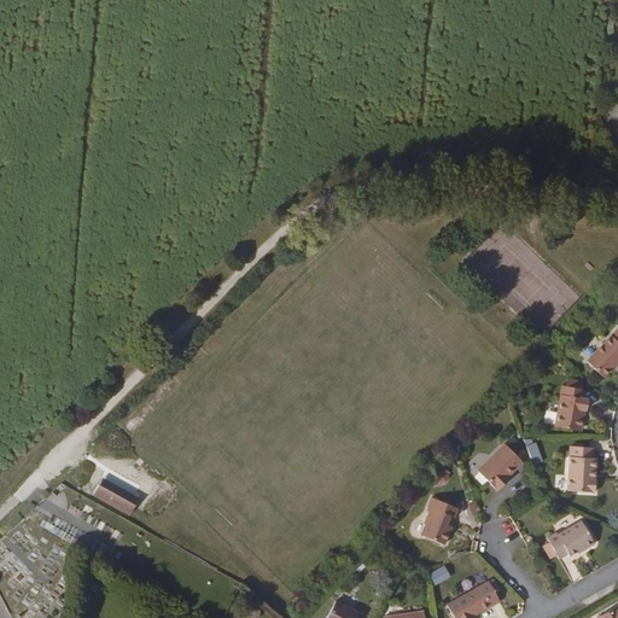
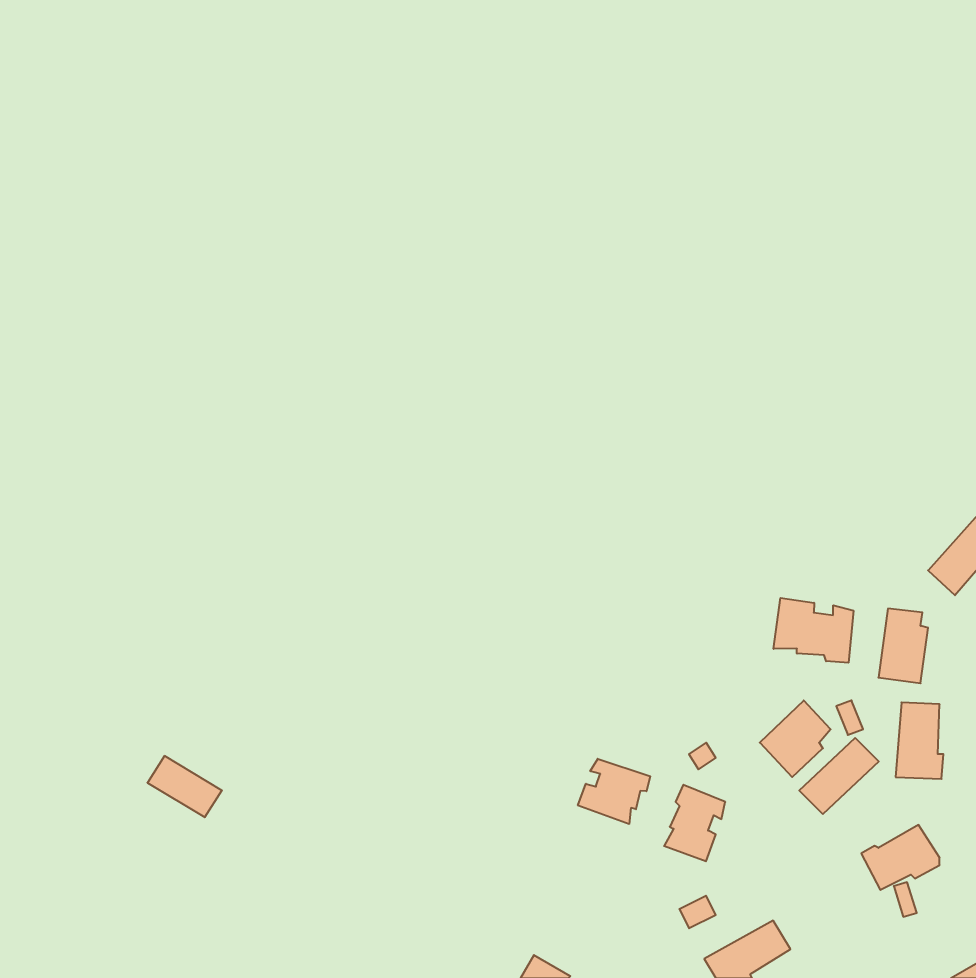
building: none -> [774,598,853,663]
building: none -> [799,738,879,814]
building: none -> [578,759,650,824]

